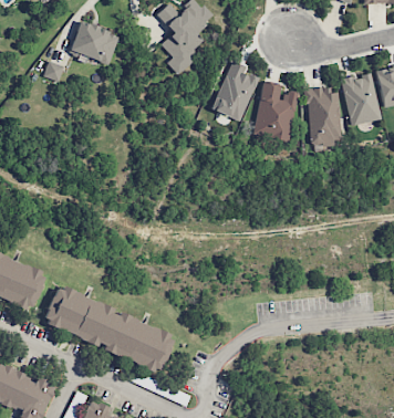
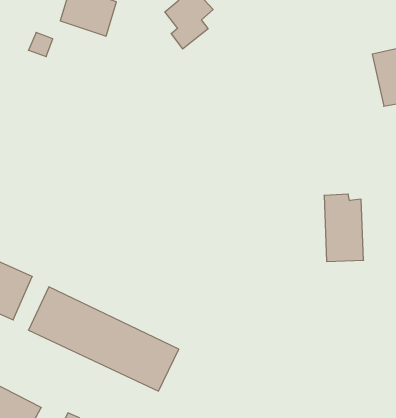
building: [211,61,259,122] -> none
building: [255,82,298,140] -> none
building: [308,87,342,146] -> [324,194,364,262]

